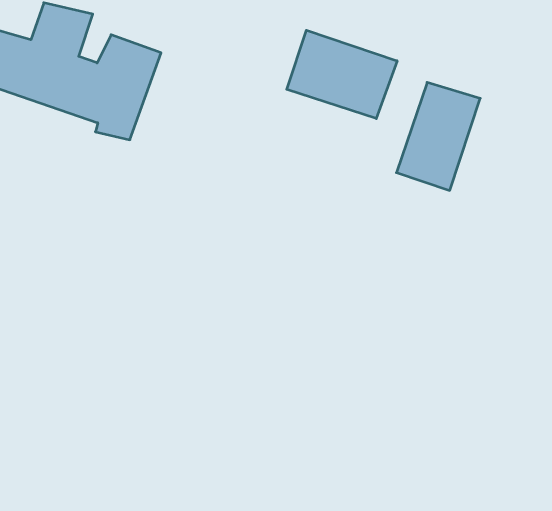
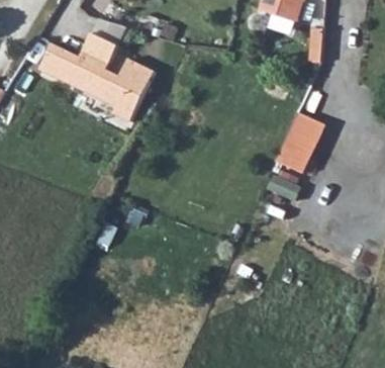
building: [287,30,397,119] -> none

